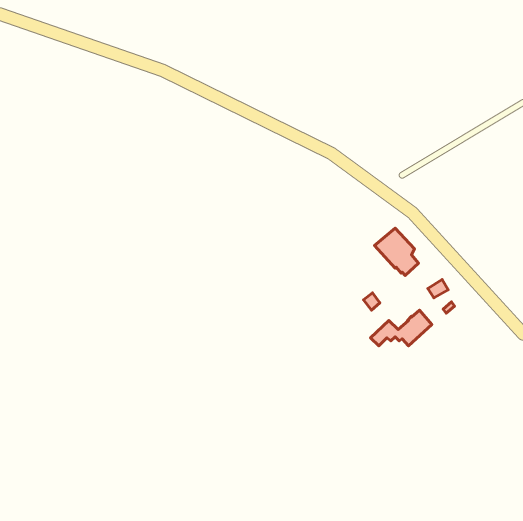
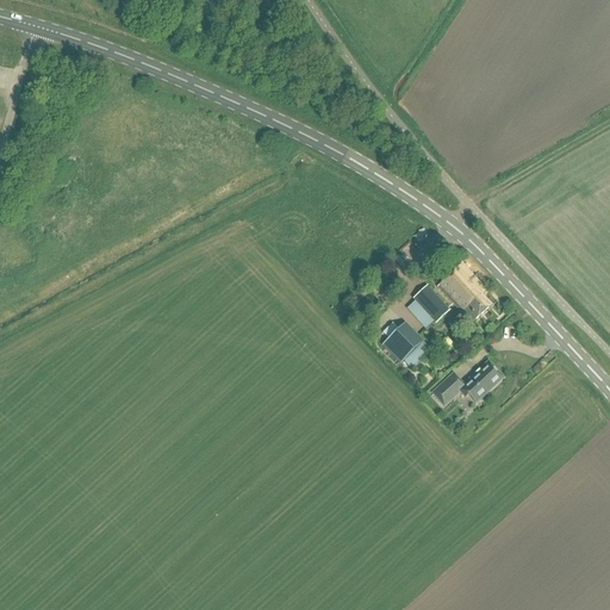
building: none -> [412,285,449,324]
building: none -> [381,323,422,363]

